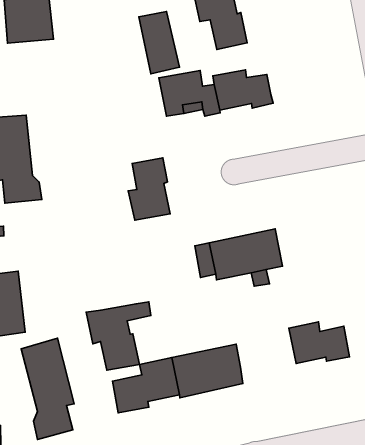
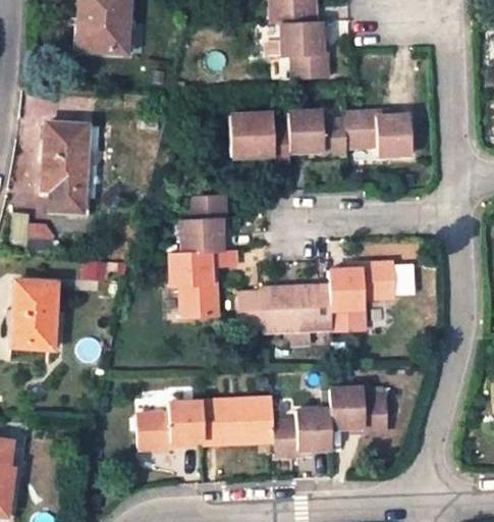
building: [139,11,179,74] -> none
building: none -> [343,108,413,153]
building: none -> [329,262,395,323]
building: [86,302,151,370] -> [170,252,236,316]
building: [21,338,74,439] -> none
building: none -> [272,409,331,455]

